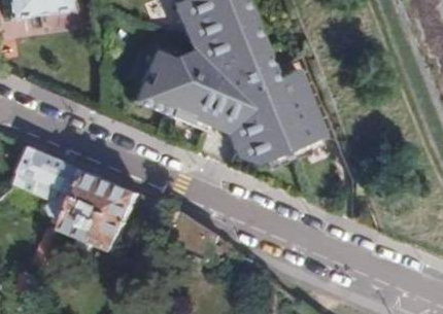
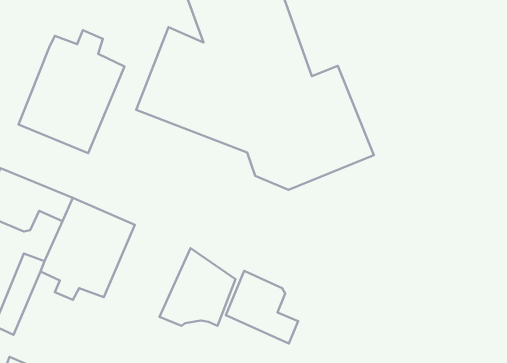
building: none -> [18,30,124,153]
building: none -> [226,271,298,344]

